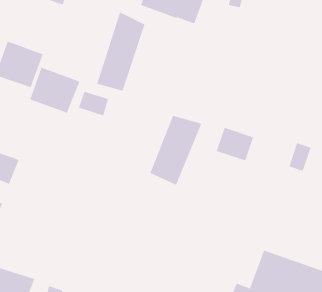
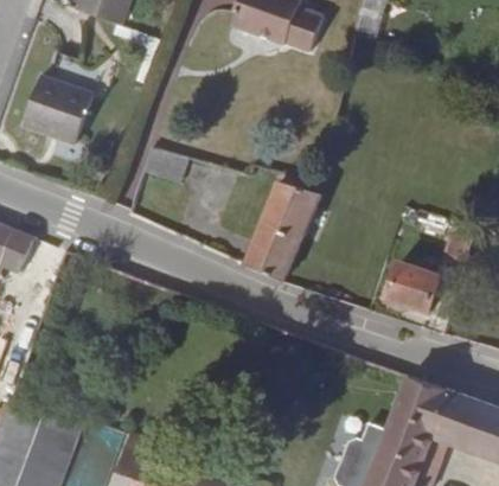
building: [96,11,145,91] -> none
building: [29,67,80,113] -> none
building: [216,127,254,161] -> [386,263,441,312]

